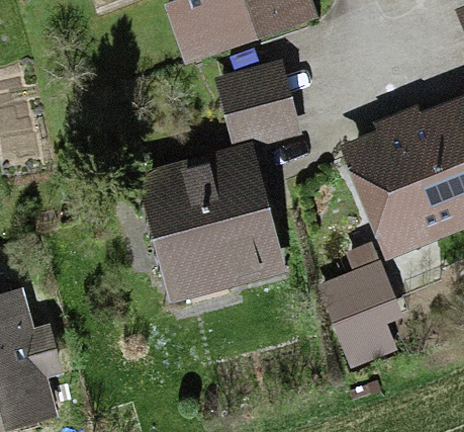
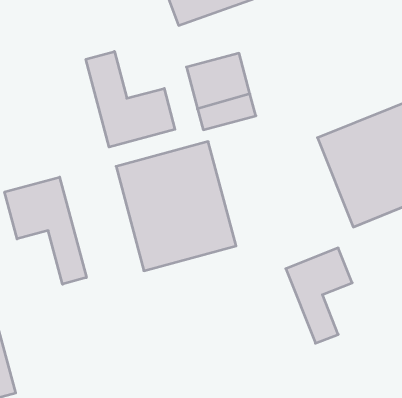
building: none -> [86,51,175,147]
building: none -> [5,177,86,284]

